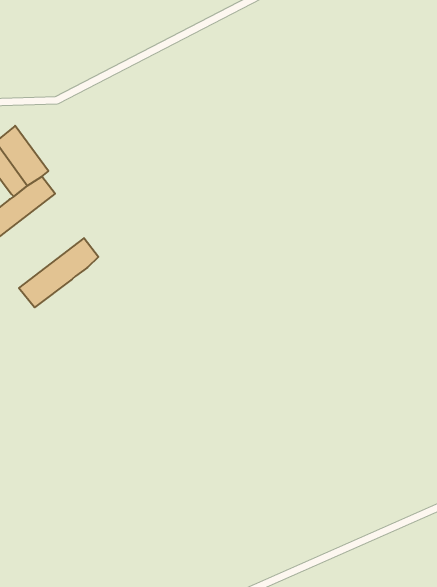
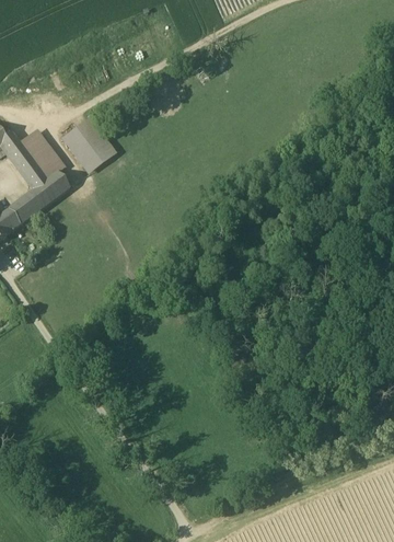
building: none -> [62,118,115,172]
building: [19,238,98,307] -> none

